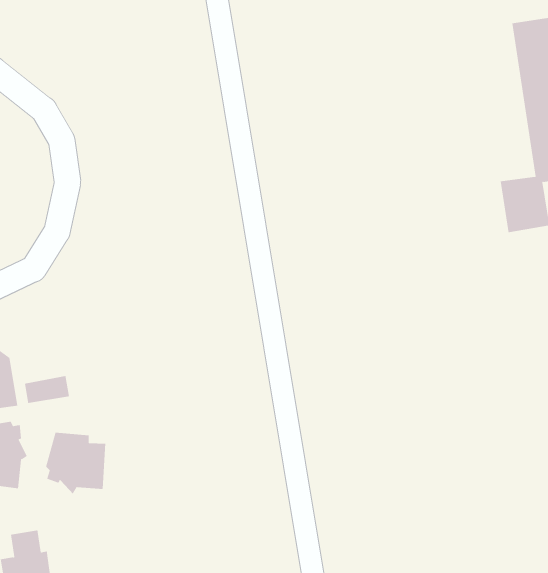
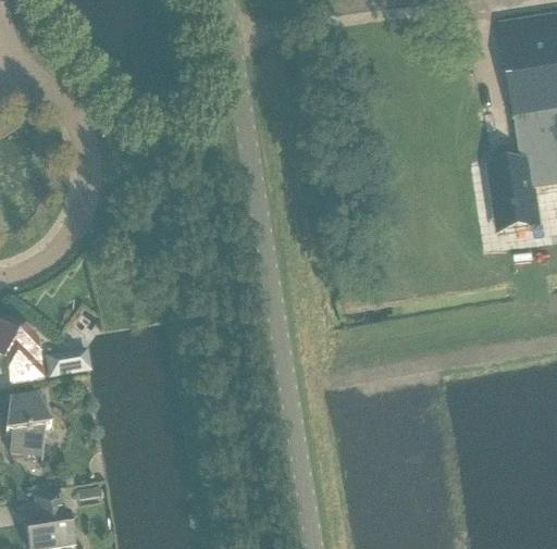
building: [45,432,108,494] -> none

